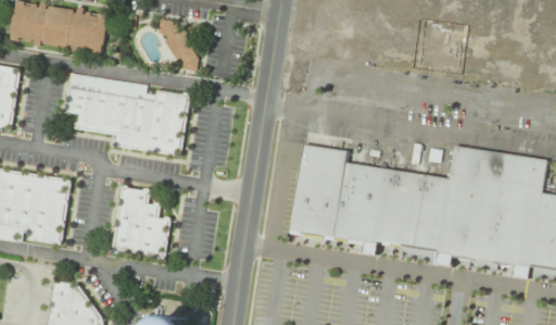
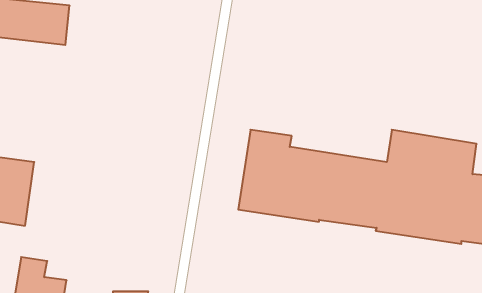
building: [159,18,201,74] -> none
building: [65,74,190,155] -> none
building: [113,187,172,260] -> none

